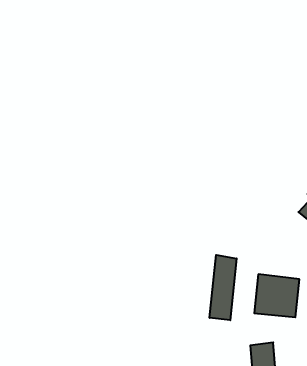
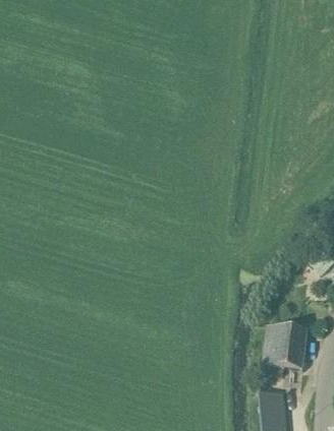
building: [210,255,237,320] -> none

